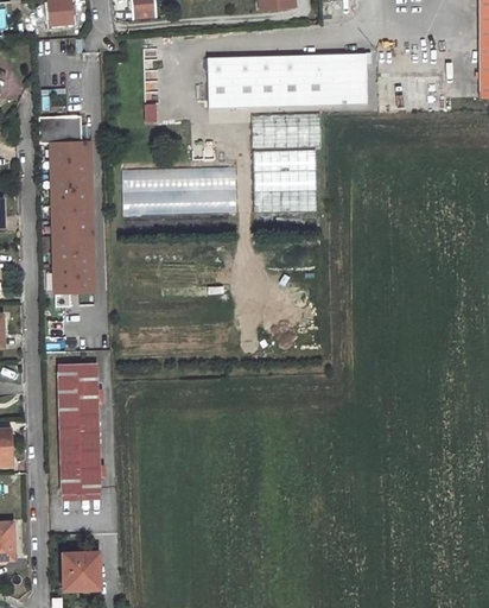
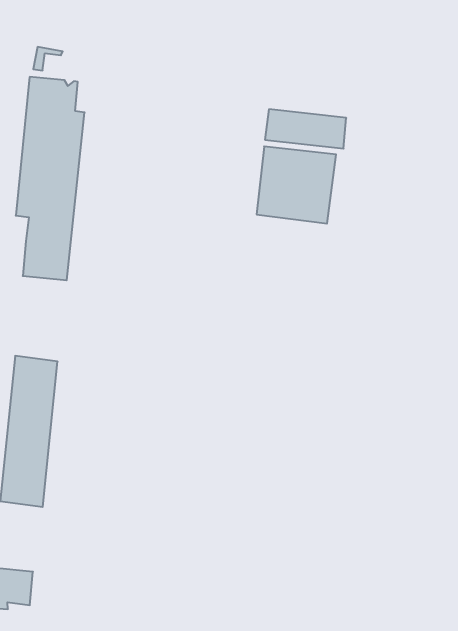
building: [207,52,368,107] -> none
building: [127,170,235,214] -> none

